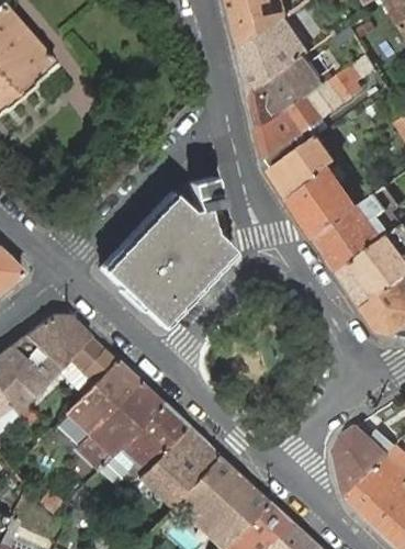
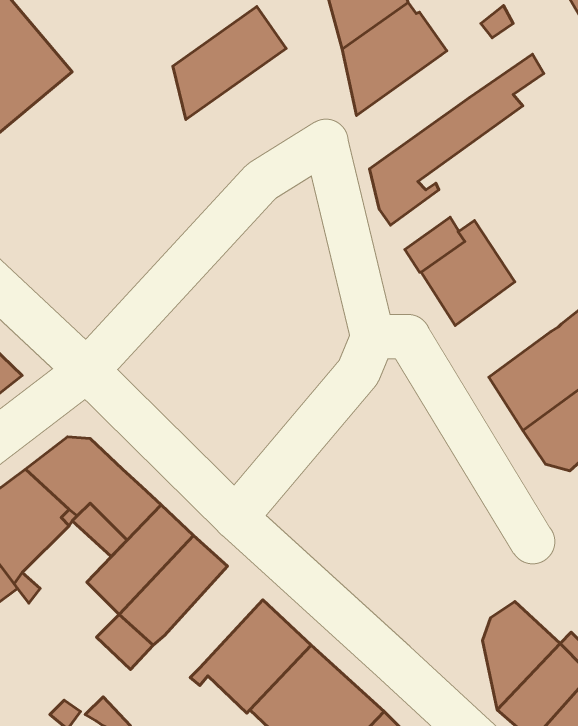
building: [250,55,327,132] -> [173,7,286,120]
building: [100,177,232,326] -> none
building: [317,191,393,273] -> none
building: [120,402,187,471] -> none

